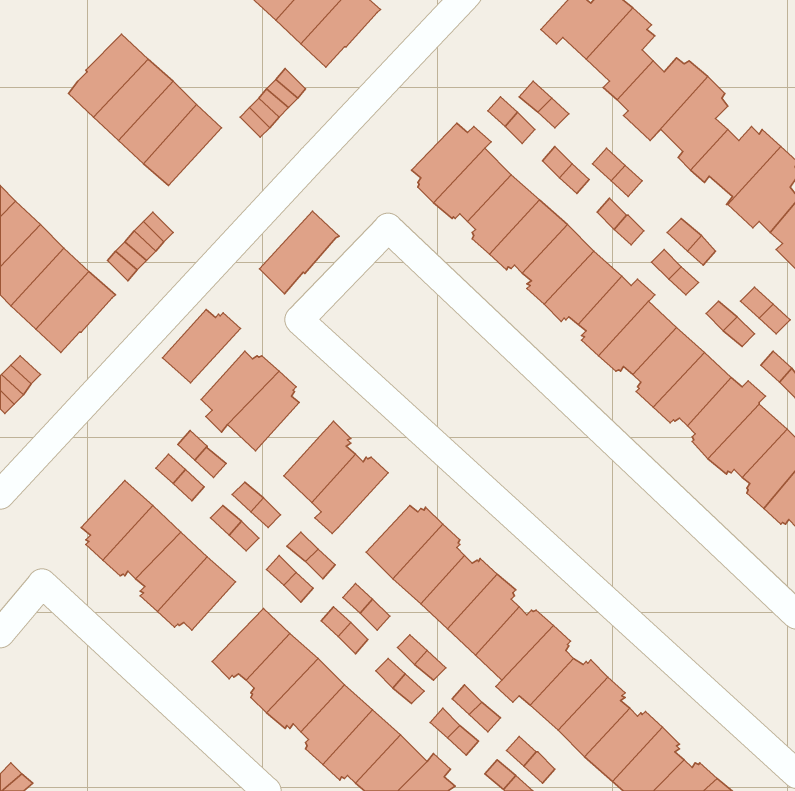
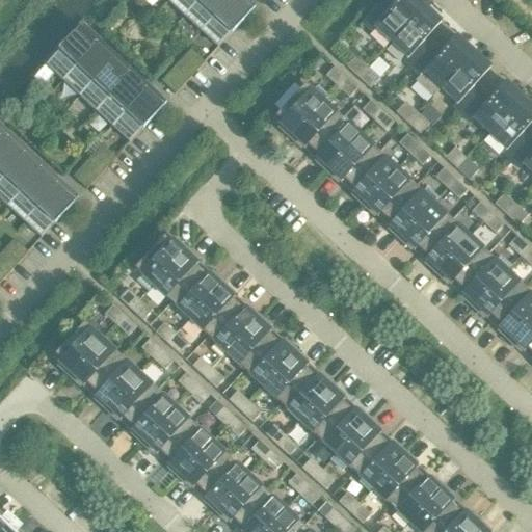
building: [260,211,339,294] -> [113,85,166,140]
building: [163,310,240,383] -> [171,268,223,317]
building: none -> [227,315,274,368]
building: none -> [129,388,177,441]

